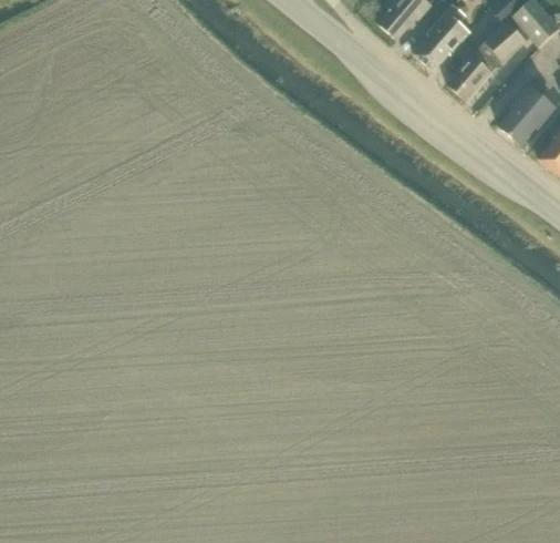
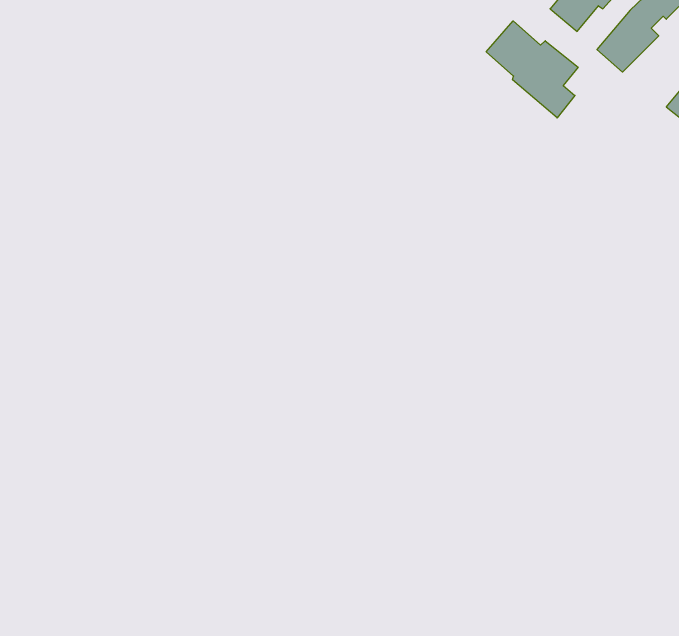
building: none -> [486,21,578,118]

